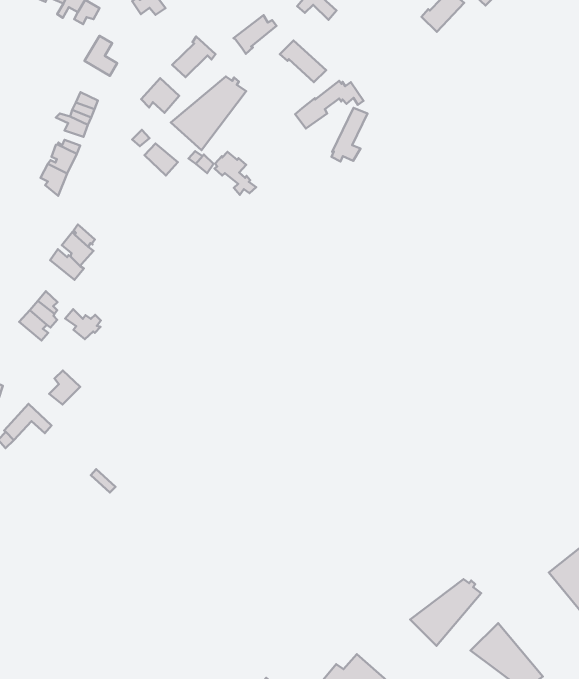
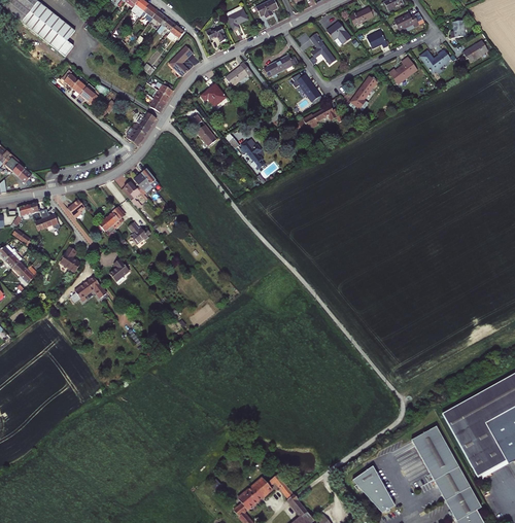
building: [171,77,246,150] -> none
building: [331,108,367,162] -> [349,75,377,109]
building: [410,579,481,646] -> none

